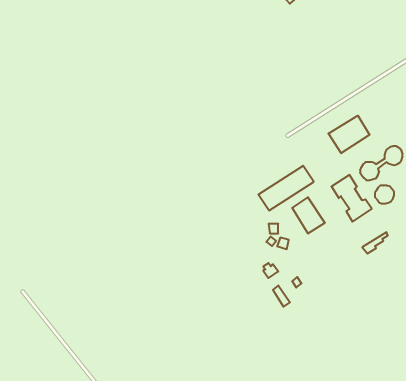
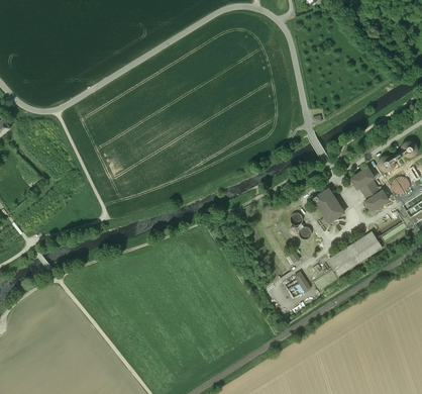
building: [328,116,370,153] -> none
building: [258,166,314,210] -> [329,232,382,275]

